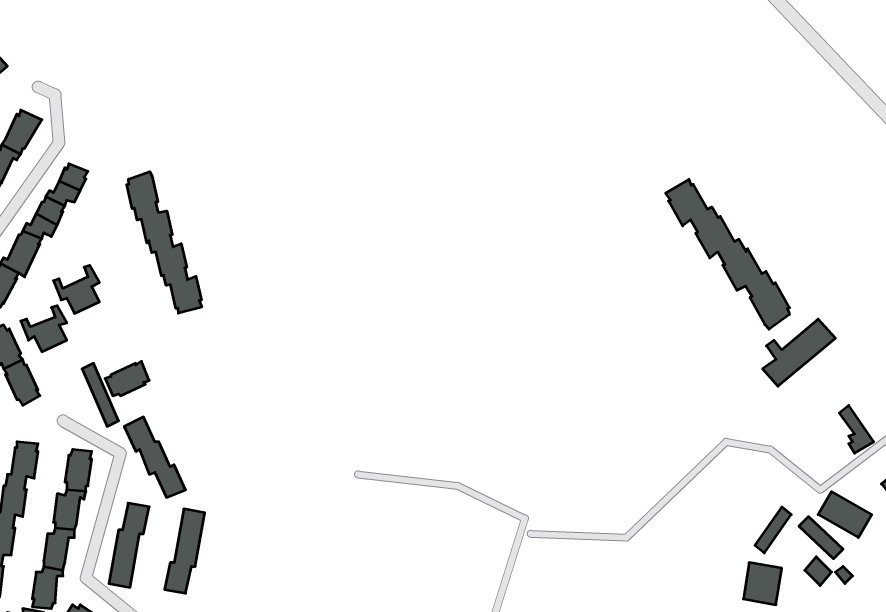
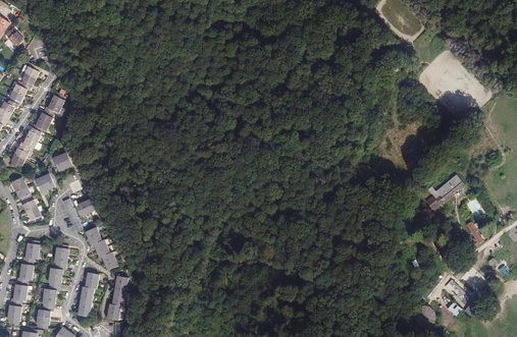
building: [127,172,202,313] -> none
building: [666,179,790,329] -> none

